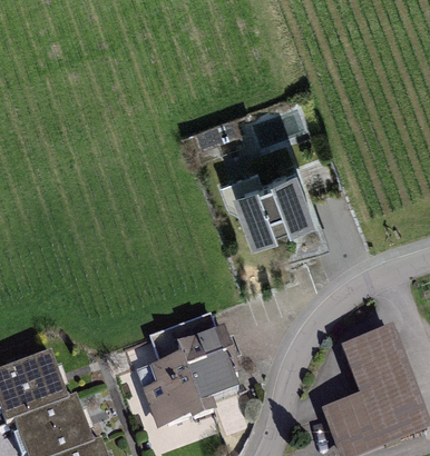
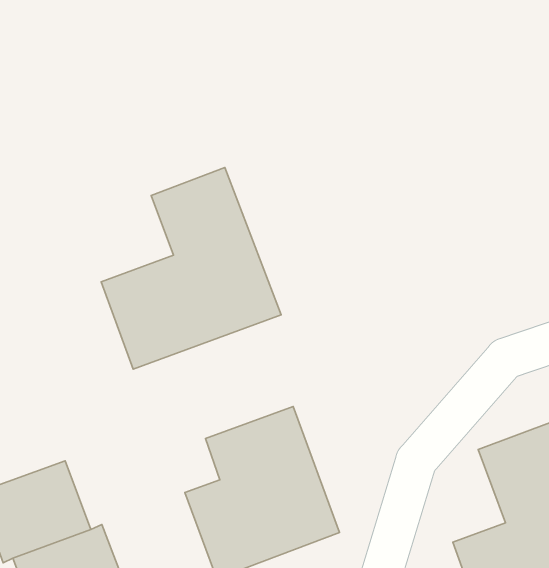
building: none -> [101,167,281,369]
building: [231,159,315,236] -> none

